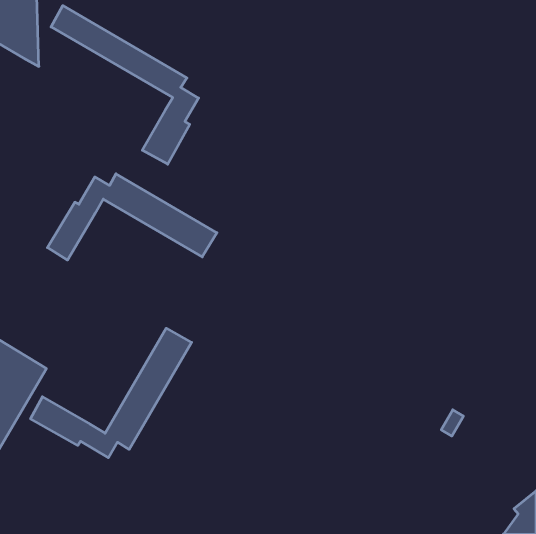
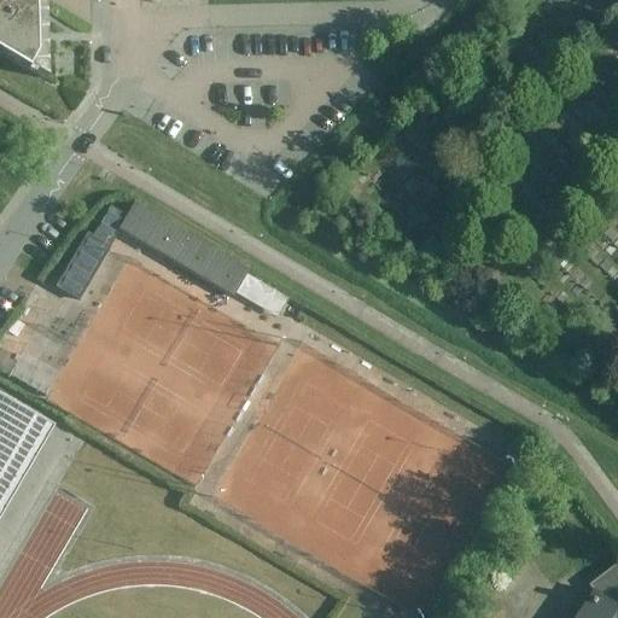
building: [51,6,199,164] -> none
building: [31,328,192,458] -> none

